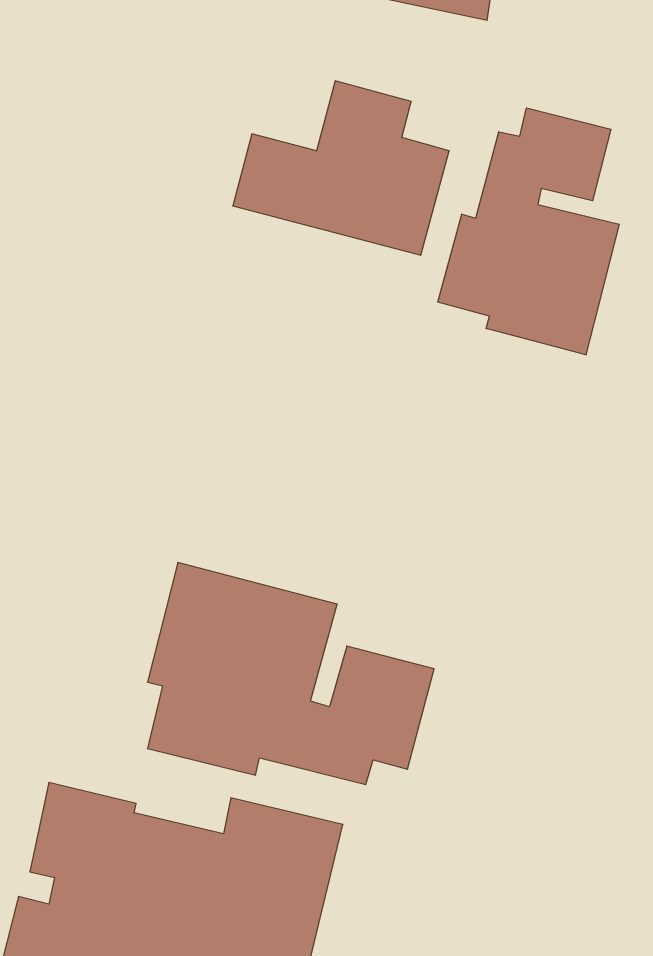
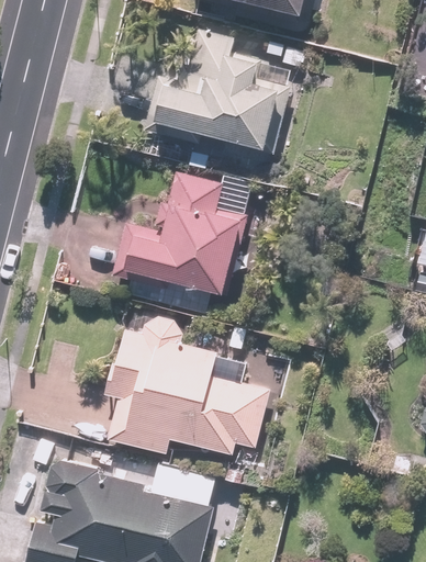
building: [438,108,619,355] -> none
building: none -> [116,173,240,291]

